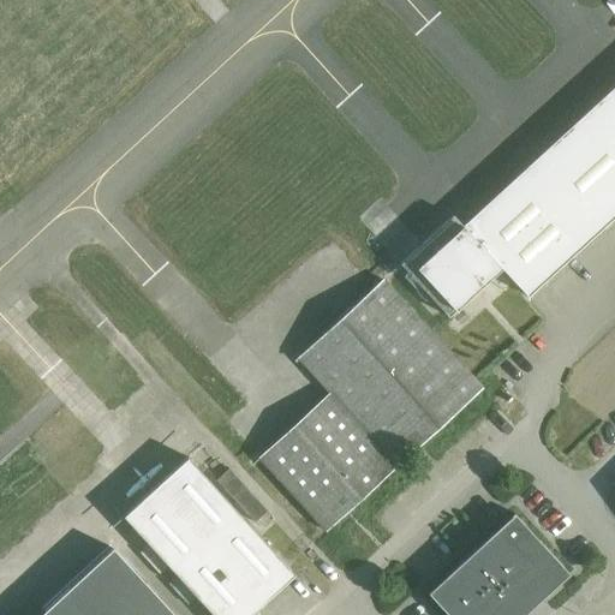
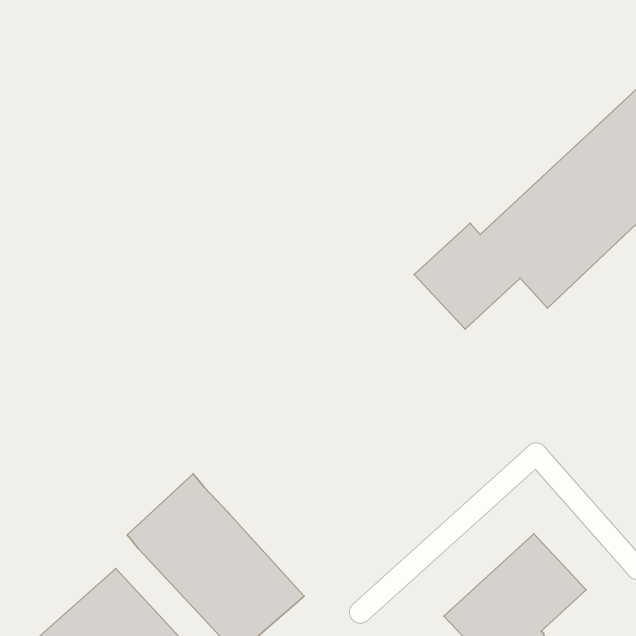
building: [258,281,483,530] -> none

